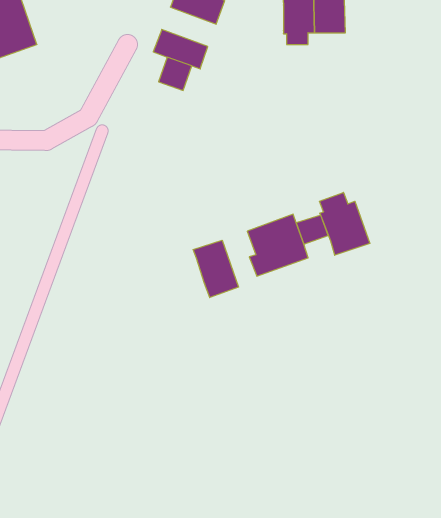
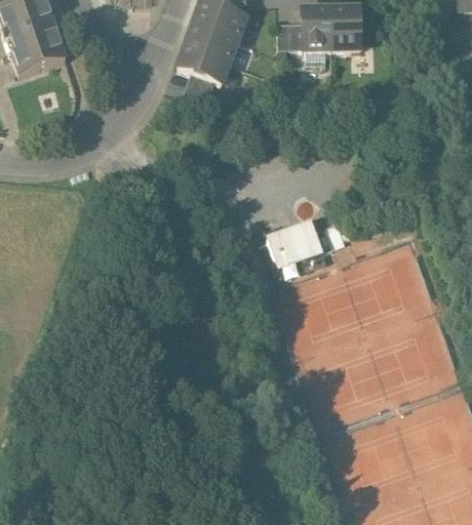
building: none -> [278,18,303,44]
building: none -> [186,21,238,58]
building: [320,192,370,255] -> none
building: [193,240,239,298] -> none

